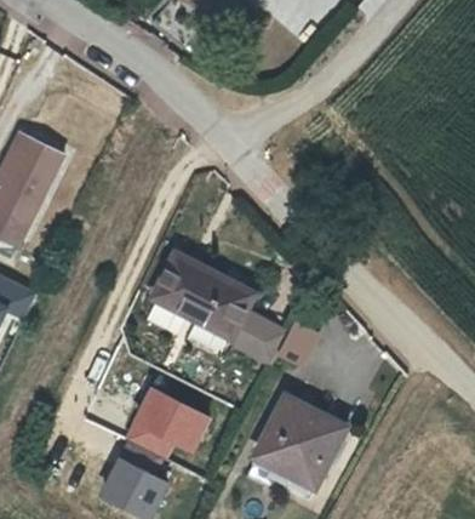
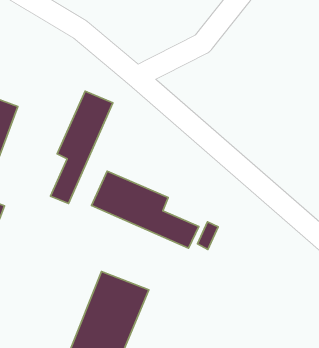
building: none -> [51,91,113,203]
building: [257,395,344,489] -> none

